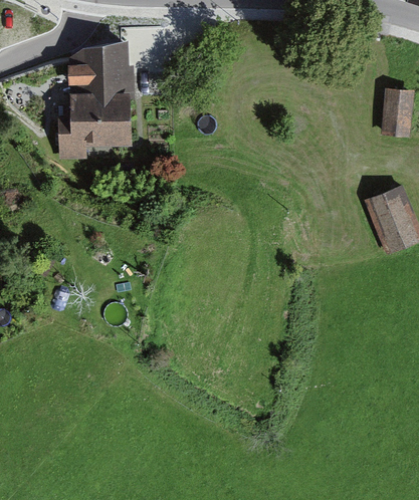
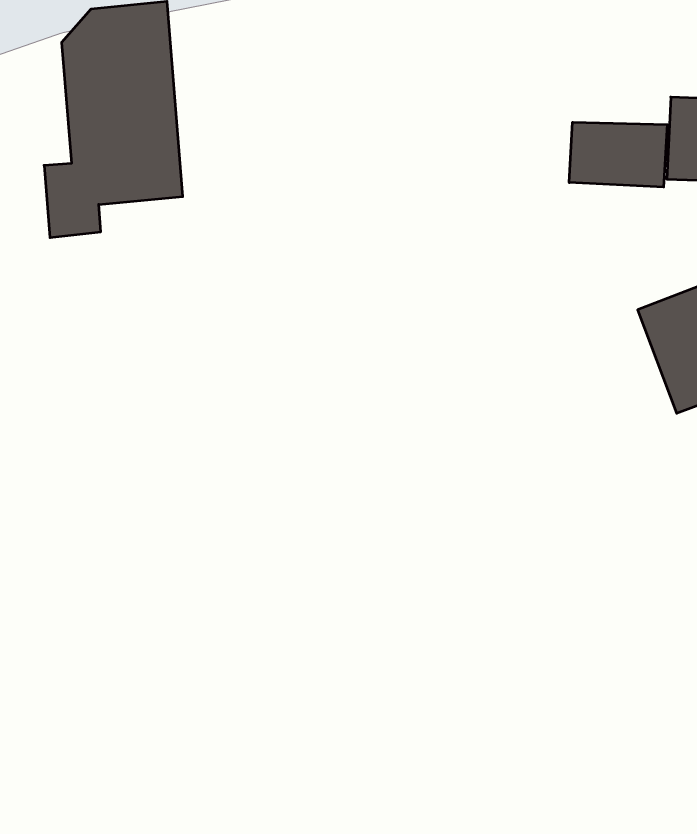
building: none -> [569,122,667,187]

